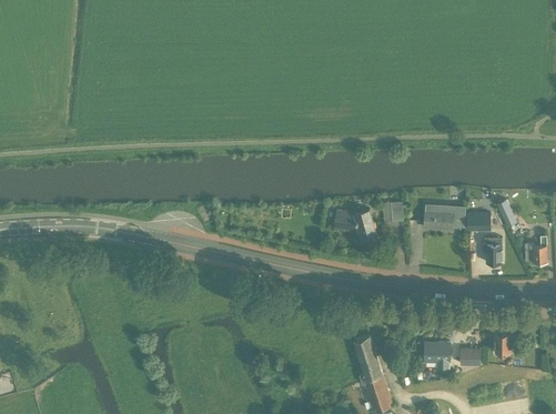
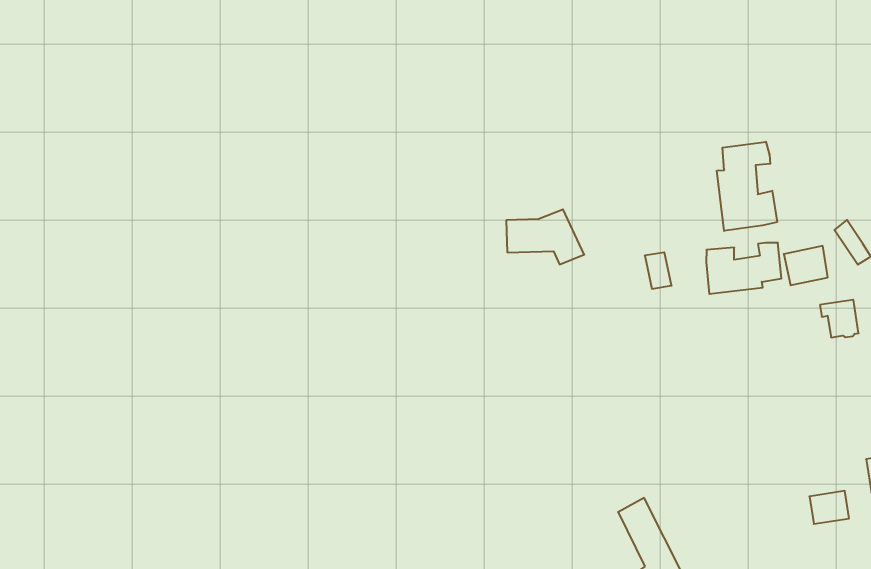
building: none -> [717,142,777,231]
building: [334,209,376,239] -> [506,209,584,264]
building: [424,342,449,366] -> none

